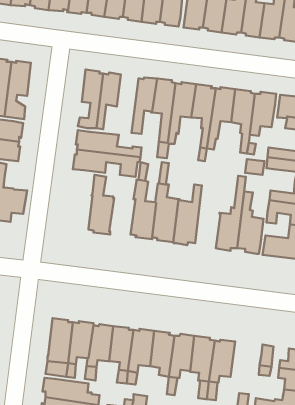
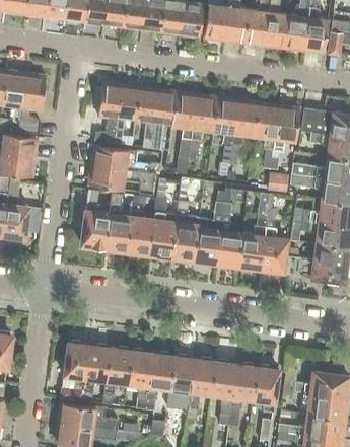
building: none -> [135,87,157,148]
building: none -> [81,190,110,250]
building: none -> [127,195,154,255]
building: none -> [216,203,242,268]
building: none -> [253,365,279,412]

